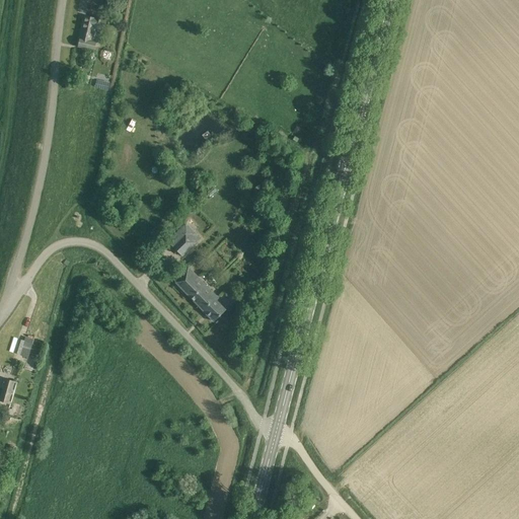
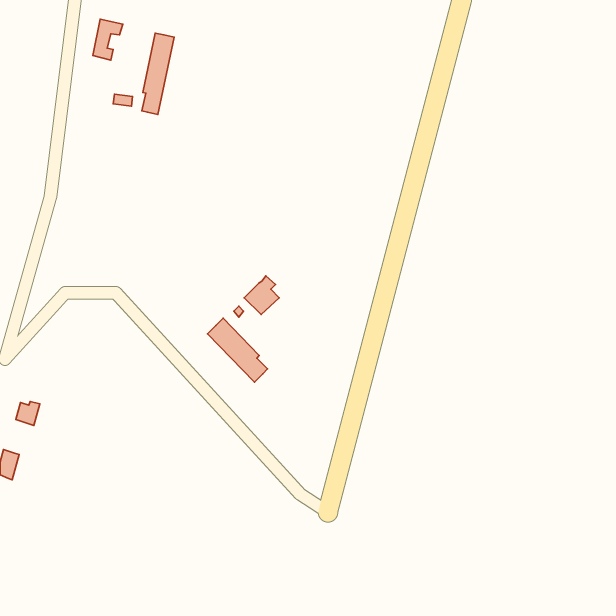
building: none -> [142,33,174,114]
building: [167,224,197,256] -> [244,276,279,315]

